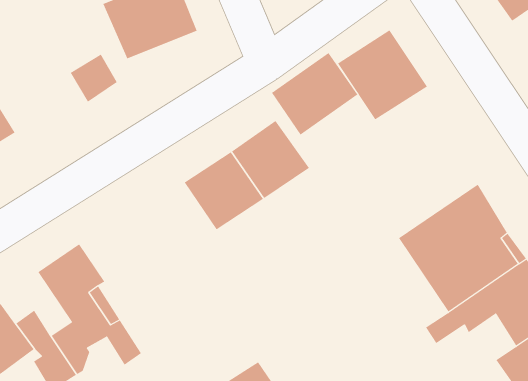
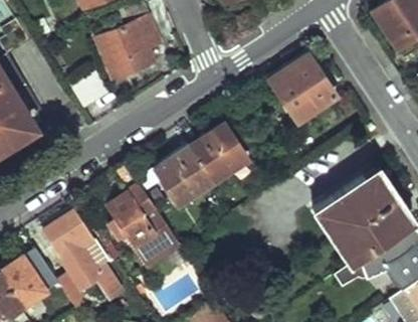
building: [271,52,358,135] -> none
building: none -> [109,163,184,274]

